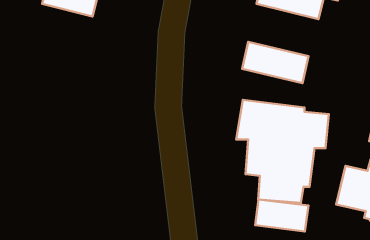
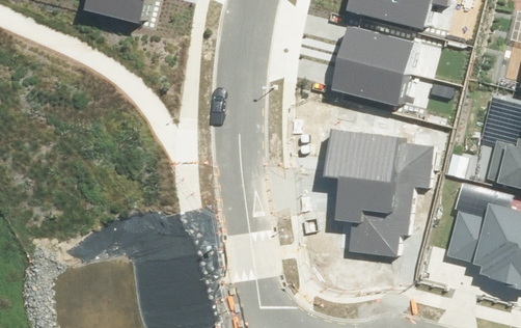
building: none -> [336,26,419,75]
building: [255,199,308,231] -> none

